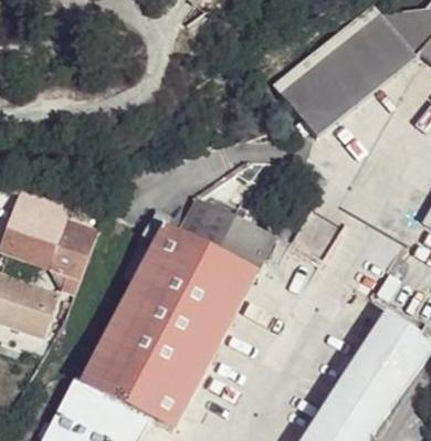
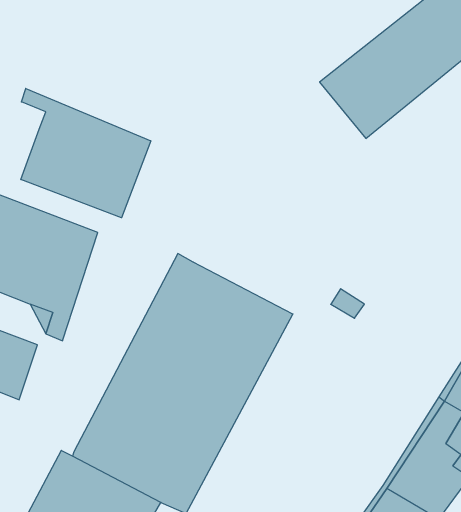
building: none -> [21,88,151,218]
building: [177,199,275,275] -> none

